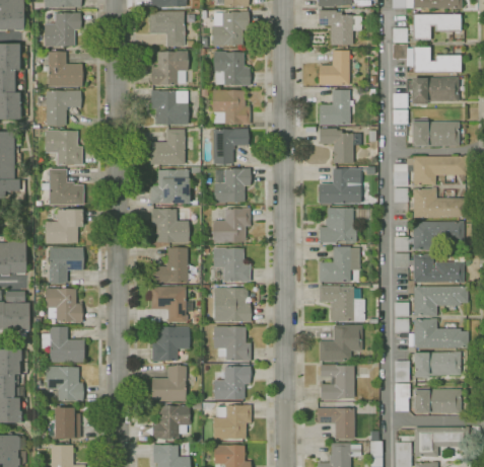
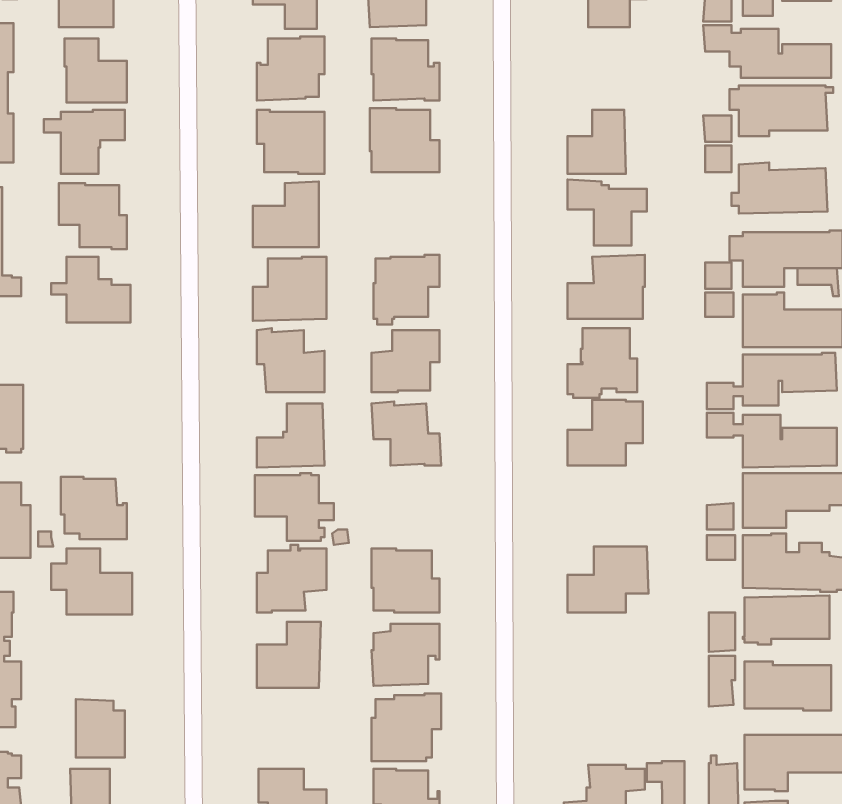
building: [319,51,349,85] -> none
building: [213,129,248,163] -> none
building: [46,209,82,243] -> none
building: [49,247,83,283] -> none
building: [319,286,364,321] -> none
building: [214,288,251,321] -> none
building: [320,365,353,400] -> none
building: [46,367,83,400] -> none
building: [152,405,188,441] -> none
building: [317,407,353,439] -> none

